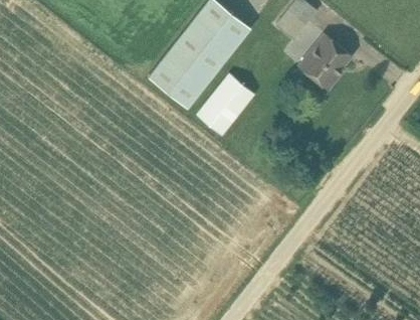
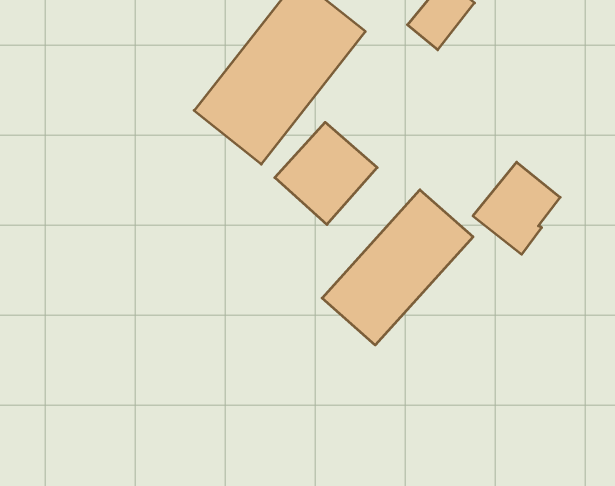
building: [297,34,350,90] -> [473,162,560,254]
building: none -> [322,190,473,345]

